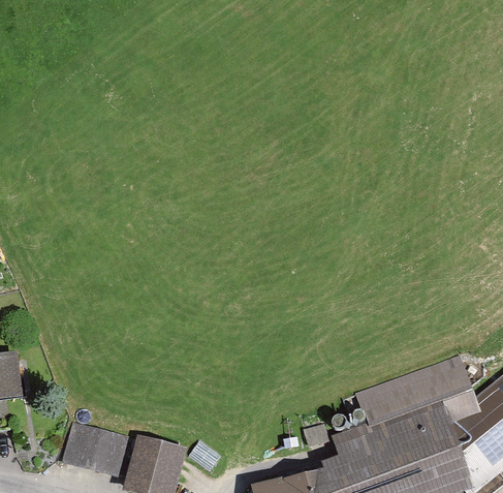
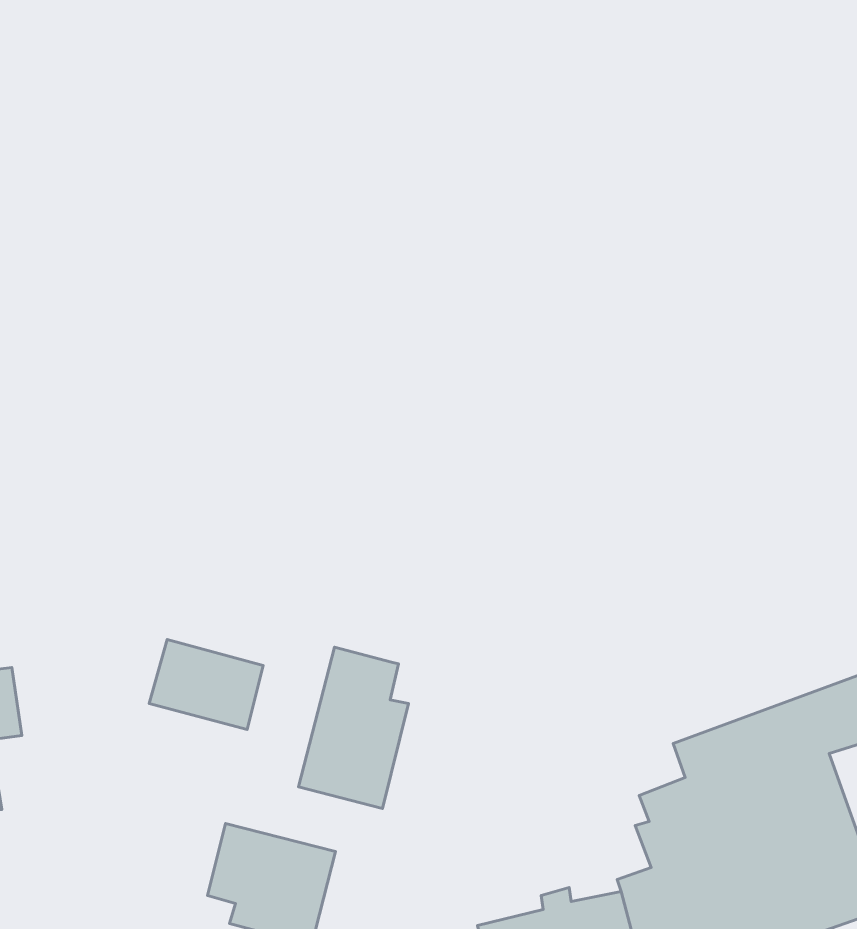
building: none -> [299,647,408,808]
building: [67,424,126,470] -> [149,640,263,730]

